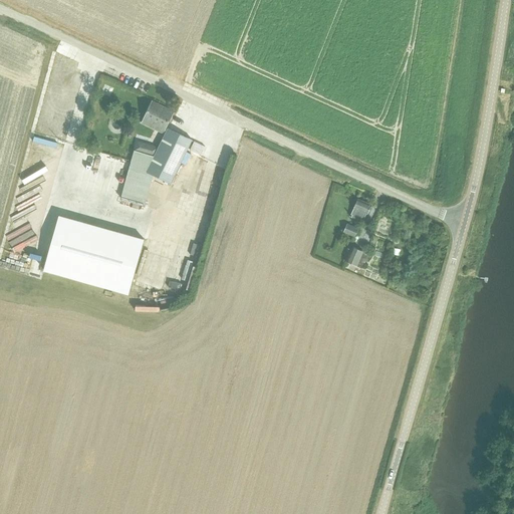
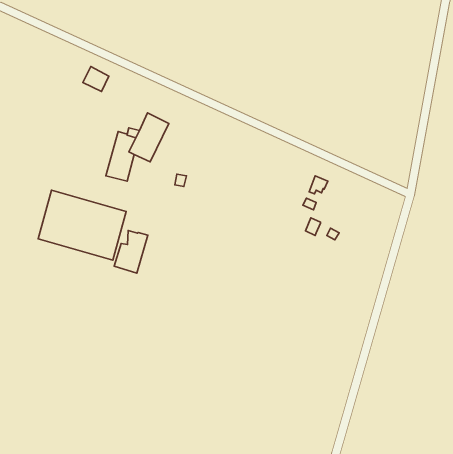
building: [143,101,172,130] -> [83,67,109,91]
building: none -> [114,231,148,273]

